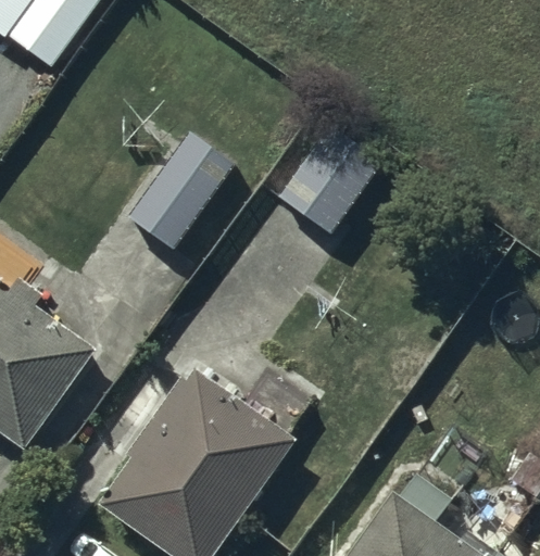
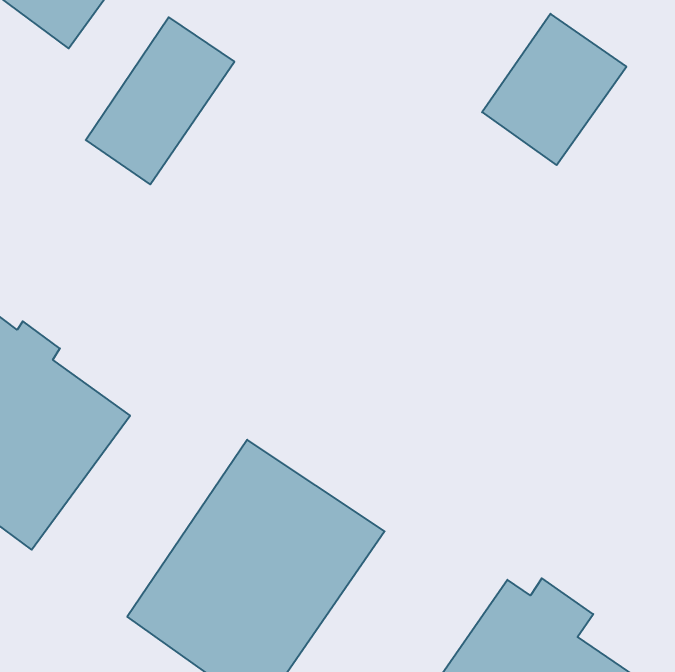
building: [276,123,386,238] -> [482,14,626,165]
building: [126,129,239,256] -> [86,17,234,184]

